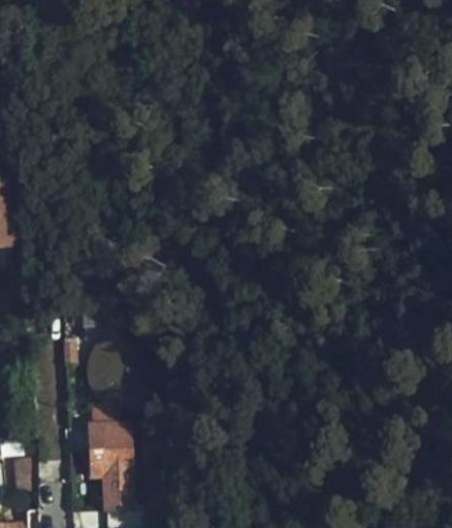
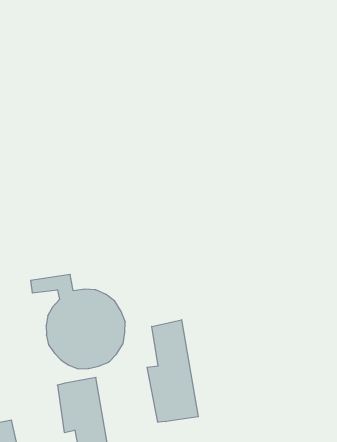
building: none -> [147,320,198,422]

